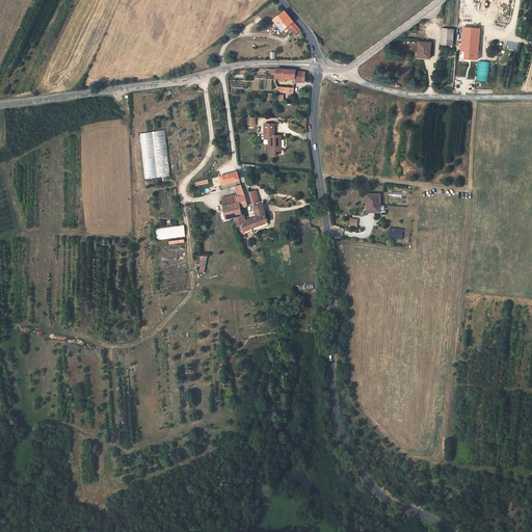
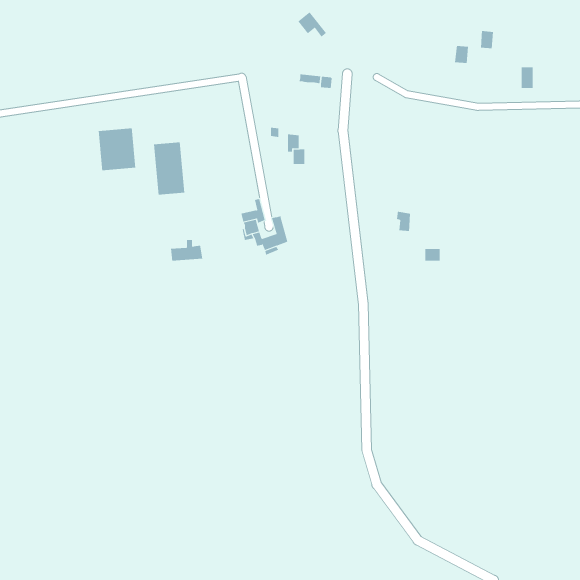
building: [461,26,480,59] -> none
building: none -> [98,128,136,171]

